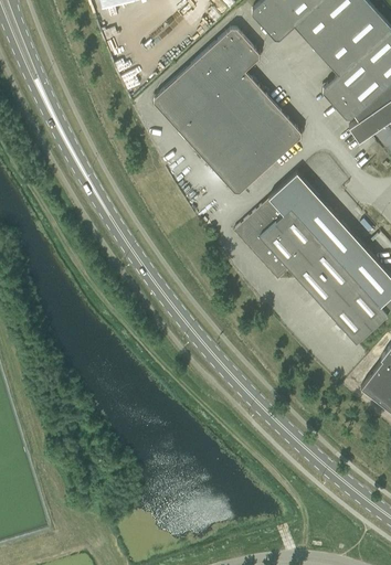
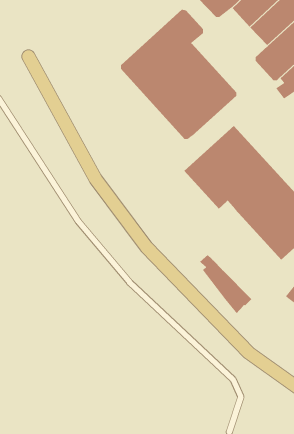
building: none -> [199,254,252,314]

